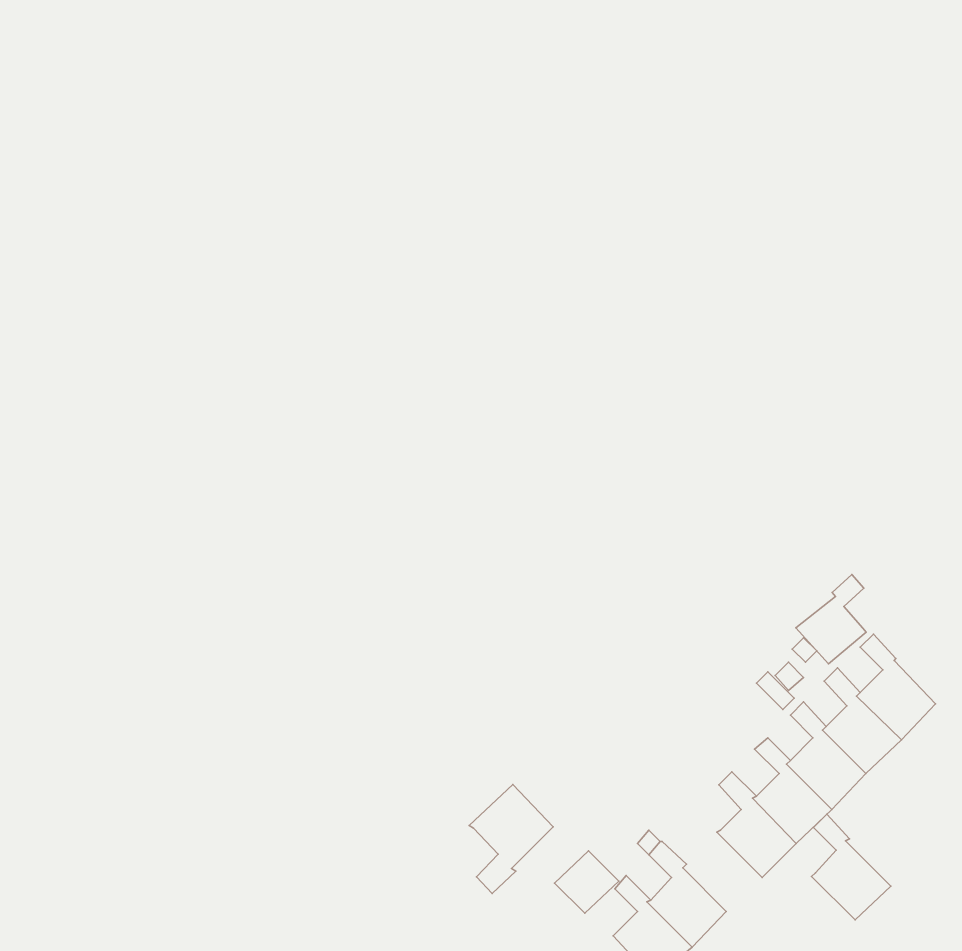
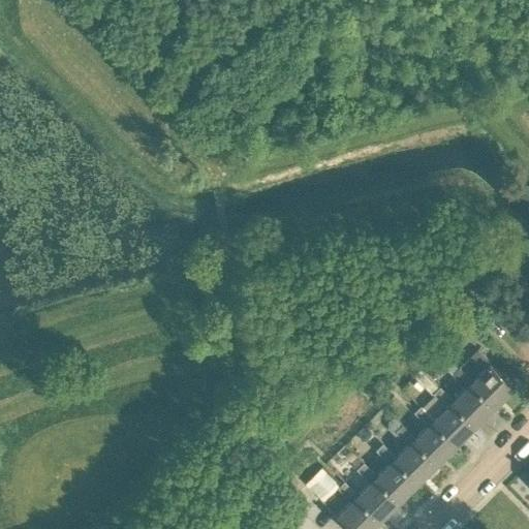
building: [796,574,866,664] -> none
building: [469,784,553,894] -> none
building: [812,814,891,920] -> [374,448,417,506]

